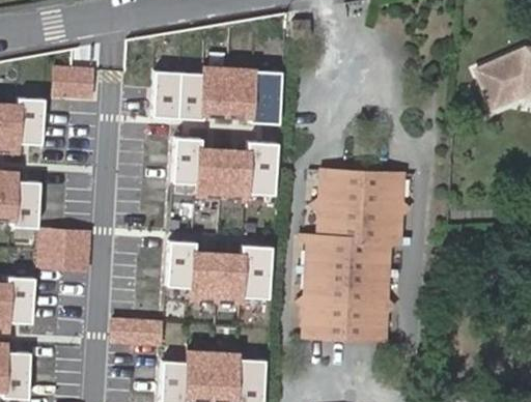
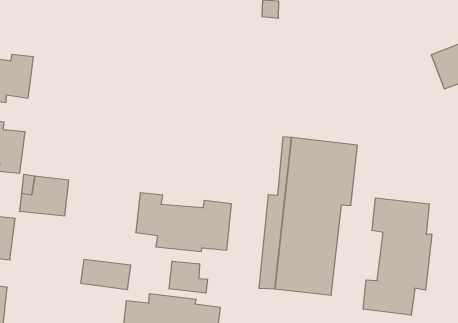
building: [53,67,93,97] -> none
building: [152,67,281,123] -> none
building: [173,138,278,197] -> none
building: none -> [363,198,432,315]
building: none -> [169,261,207,293]

